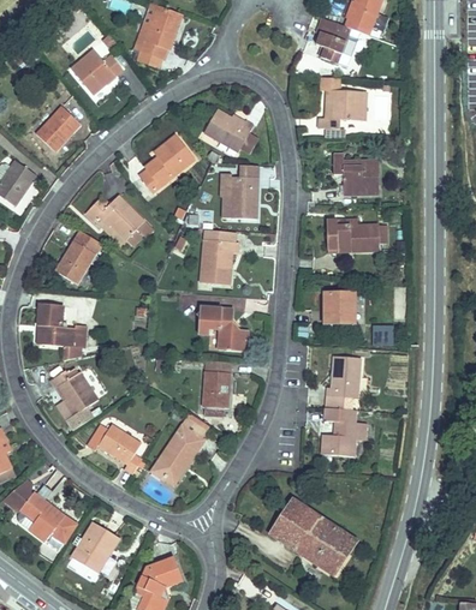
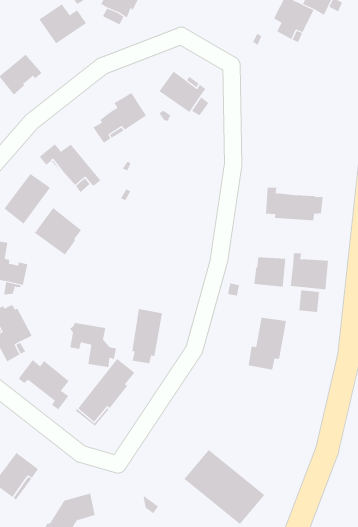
building: [319,78,365,130] -> none
building: [332,154,379,195] -> none
building: [219,168,257,219] -> none
building: [200,229,238,283] -> none
building: none -> [34,207,82,255]
building: none -> [290,253,328,290]
building: [195,307,246,351] -> [69,322,117,367]
building: [321,408,365,456] -> none

